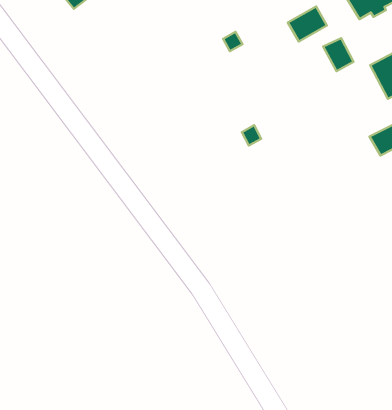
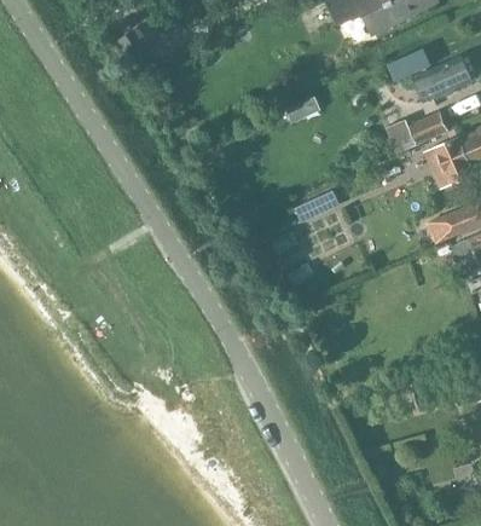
building: [288,6,327,42] -> [410,111,450,146]

